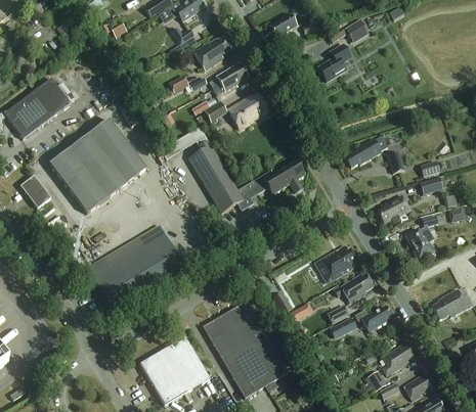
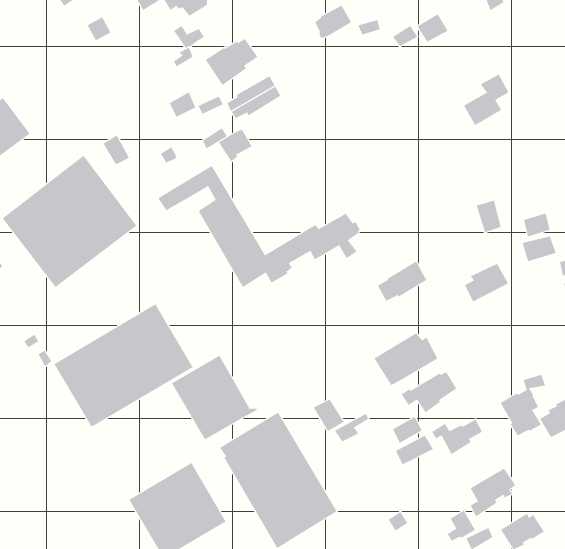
building: [317,44,350,81] -> [463,74,509,126]
building: [227,92,267,128] -> none
building: [344,139,380,168] -> [377,261,427,302]
building: [405,215,438,259] -> [500,374,546,436]
building: none -> [171,355,258,440]

